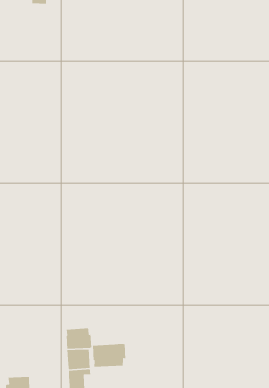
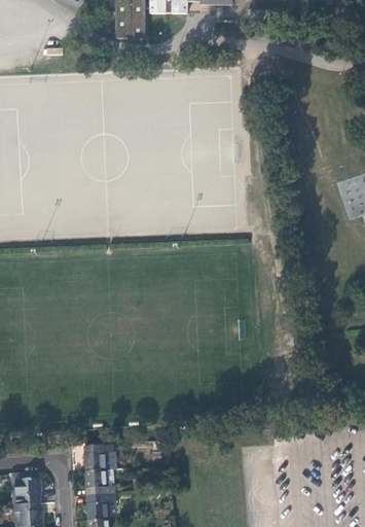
building: [92,343,126,367] -> none
building: none -> [10,472,40,504]

